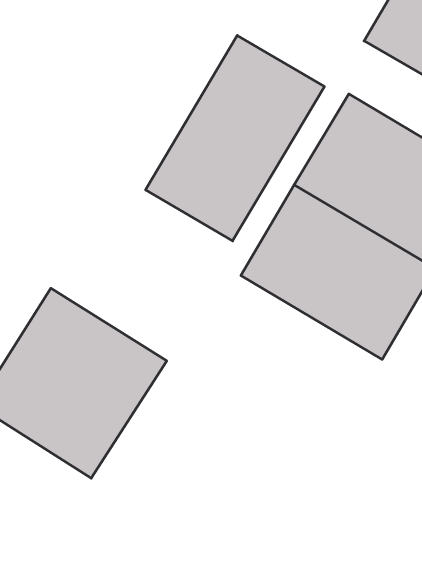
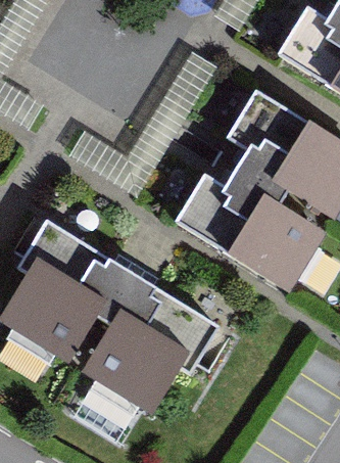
building: [146,35,324,241] -> none
building: none -> [76,283,214,422]

